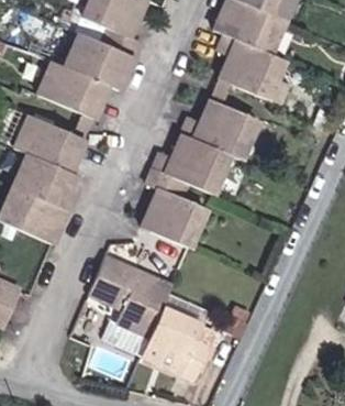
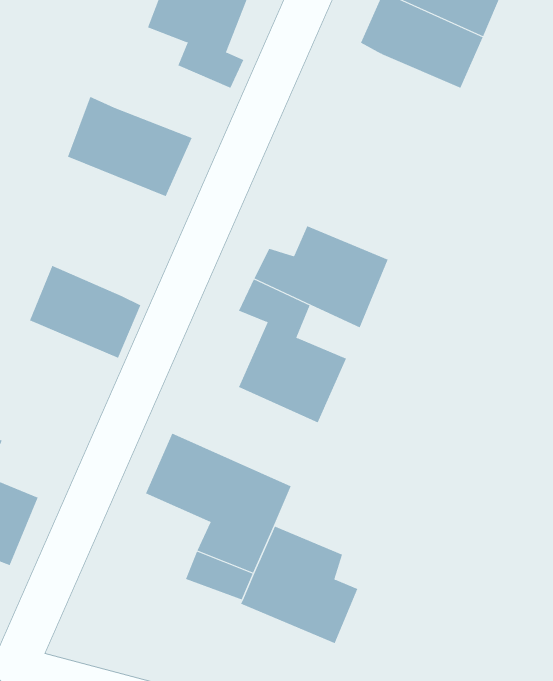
building: [68,32,135,85] -> none
building: [216,34,283,99] -> none
building: [179,103,257,161] -> none
building: [18,121,86,174] -> none
building: [8,188,70,243] -> none

